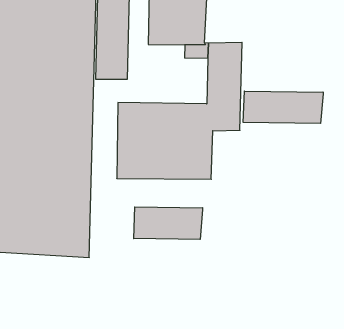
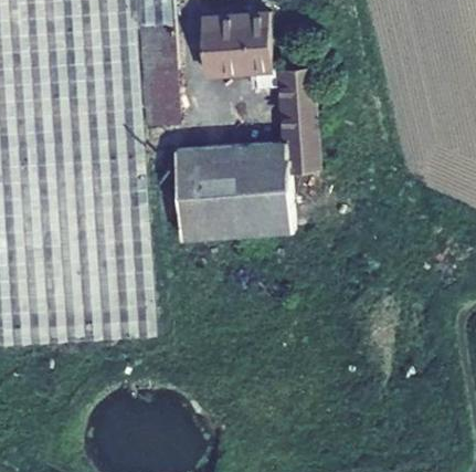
building: [243,91,323,123] -> none
building: [134,207,203,239] -> none

